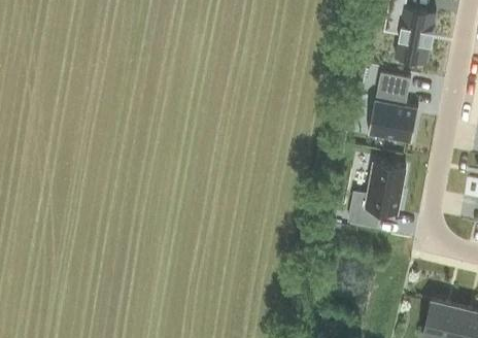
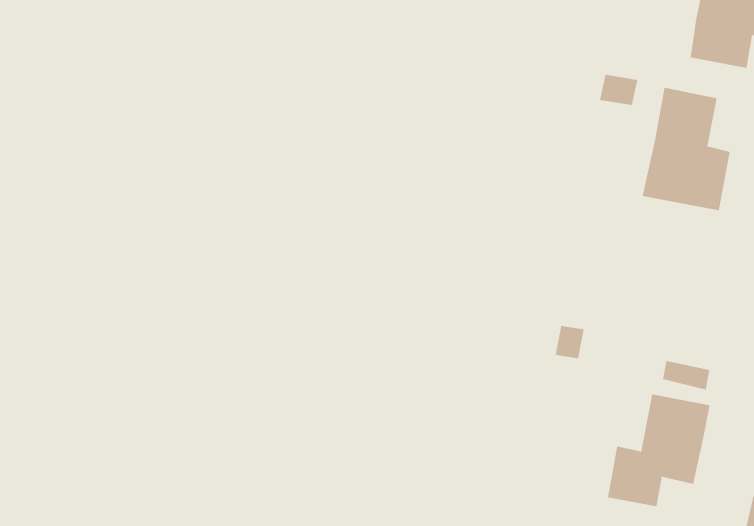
building: [348,164,406,227] -> [607,394,711,507]

